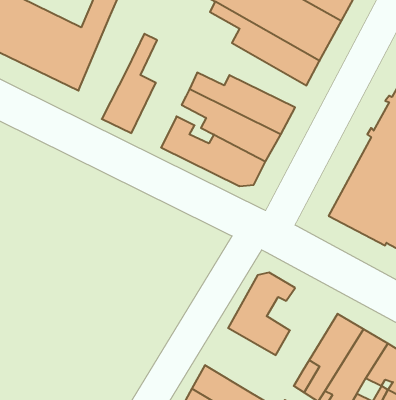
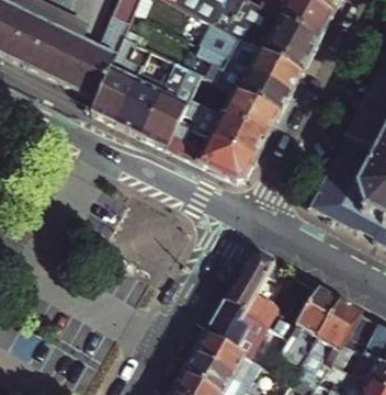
building: none -> [92,35,139,122]
building: none -> [196,43,292,112]
building: none -> [143,60,190,146]
building: none -> [205,300,265,356]

